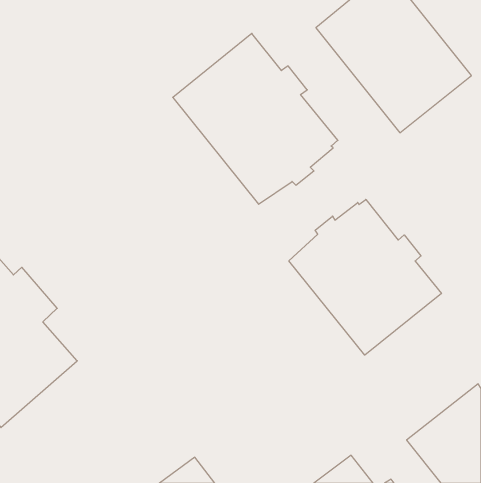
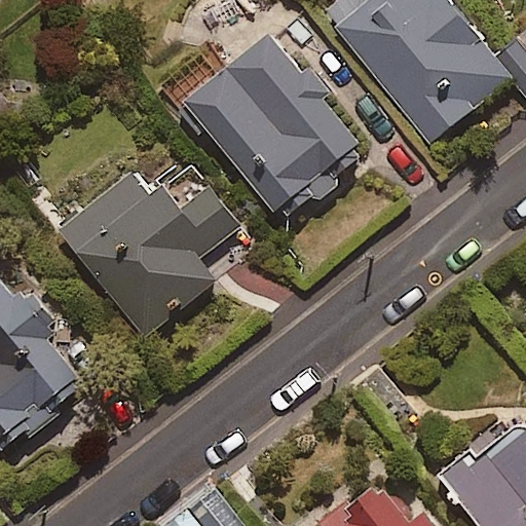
building: none -> [53,164,236,334]
building: [289,199,441,355] -> none

